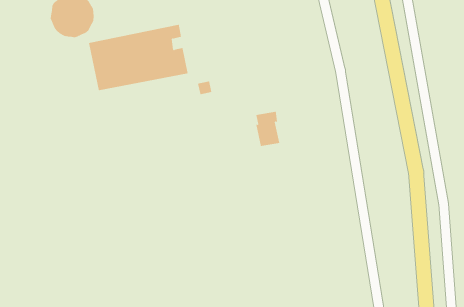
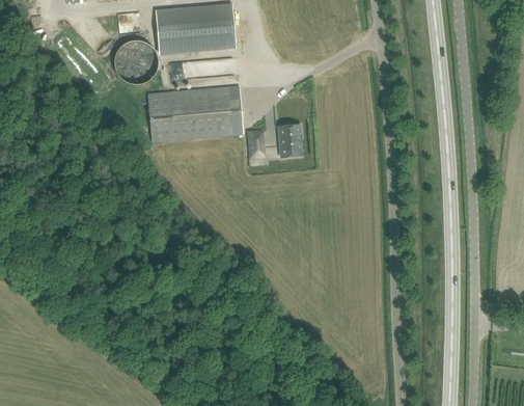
building: [255,111,280,147] -> [277,125,299,157]

